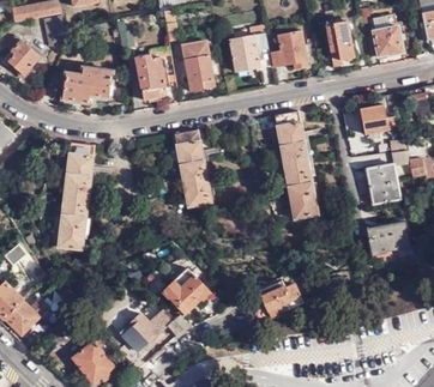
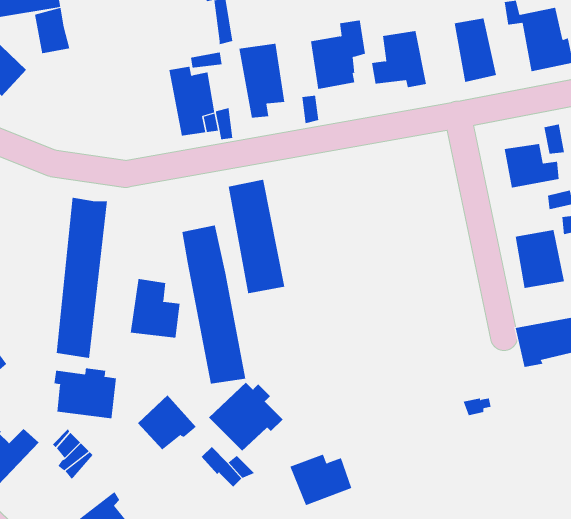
building: [60,67,111,103] -> none
building: [275,113,318,219] -> [181,225,246,384]
building: none -> [130,278,180,338]
building: none -> [54,368,117,419]
building: [260,282,302,316] -> [289,454,352,506]
building: [120,314,159,351] -> [137,395,196,450]

